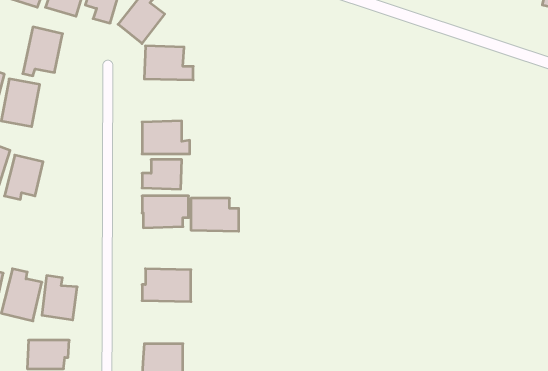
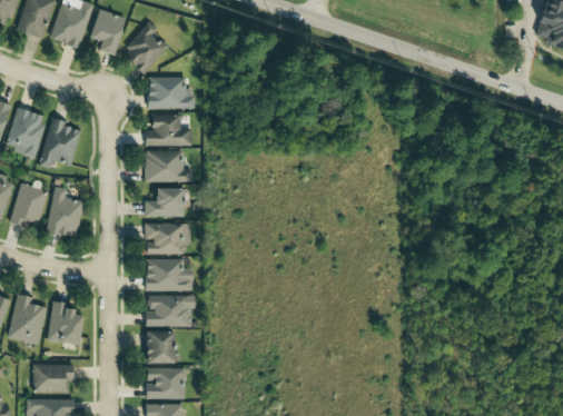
building: [23,27,63,76] -> [41,120,80,168]
building: none -> [145,115,192,147]
building: none -> [47,187,82,238]
building: [191,198,239,231] -> [146,259,192,291]
building: none -> [145,331,176,364]

